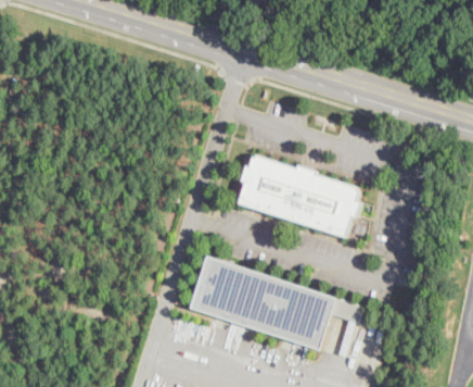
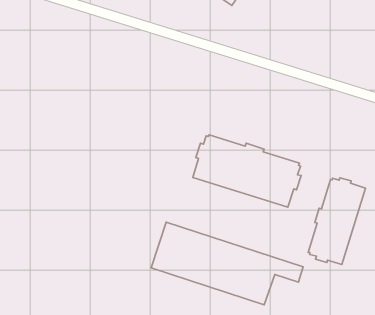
building: none -> [308,178,365,265]

